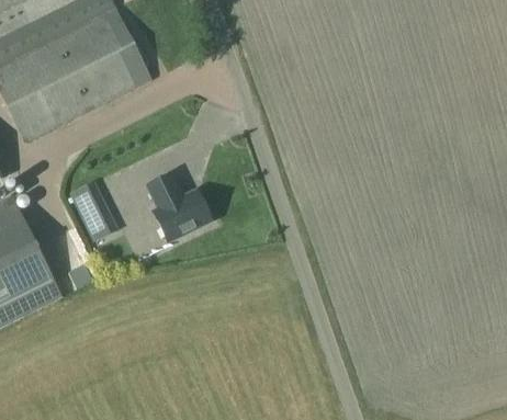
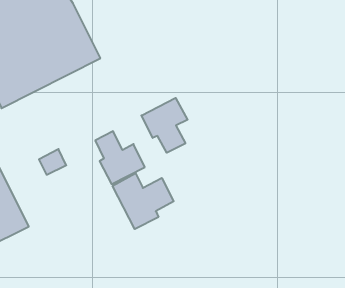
building: none -> [141,98,188,153]
building: none -> [113,173,174,229]

